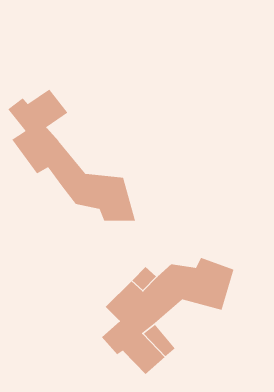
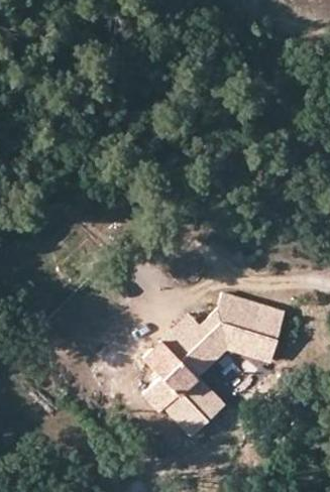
building: [7,88,136,221] -> none

